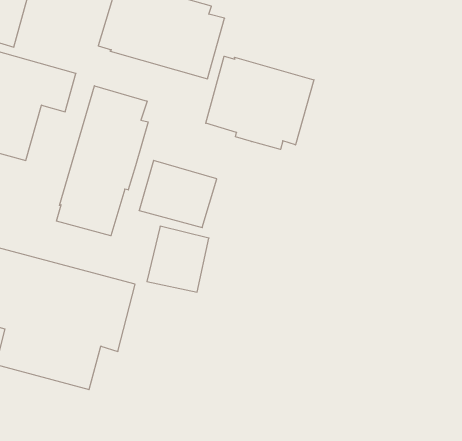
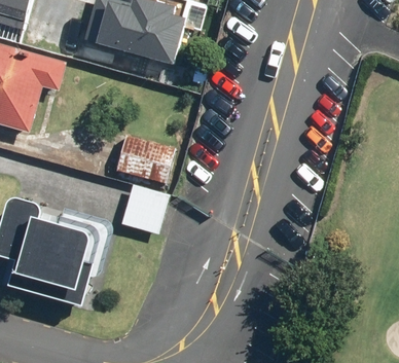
building: [206,56,314,149] -> none
building: [57,86,148,236] -> none

